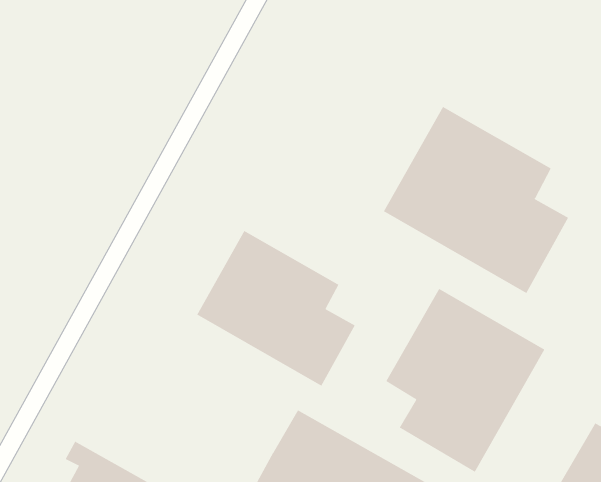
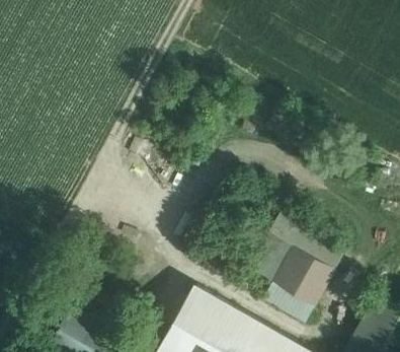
building: [383,106,569,294] -> none
building: [197,230,355,387] -> none

